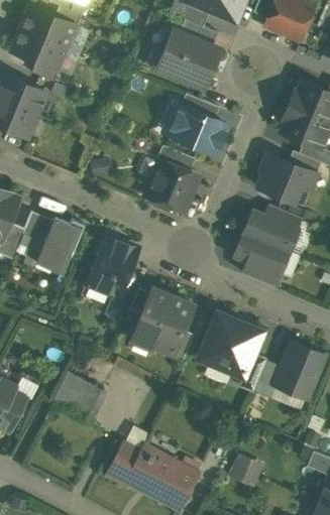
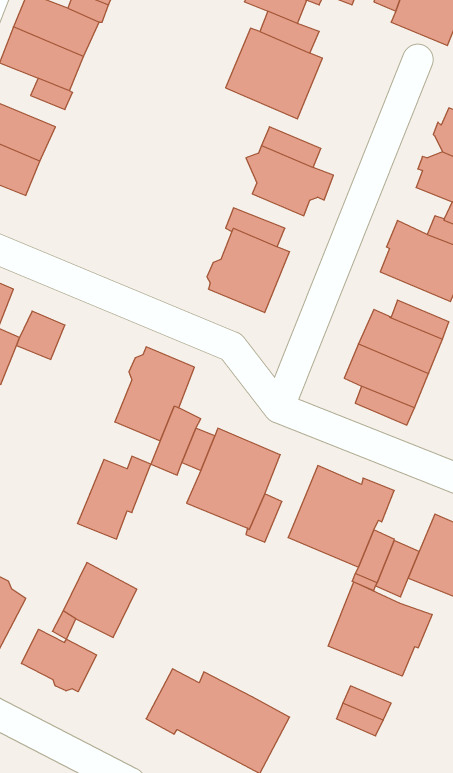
building: [37,219,85,272] -> [77,456,151,539]
building: none -> [328,582,432,676]
building: none -> [21,629,96,692]

